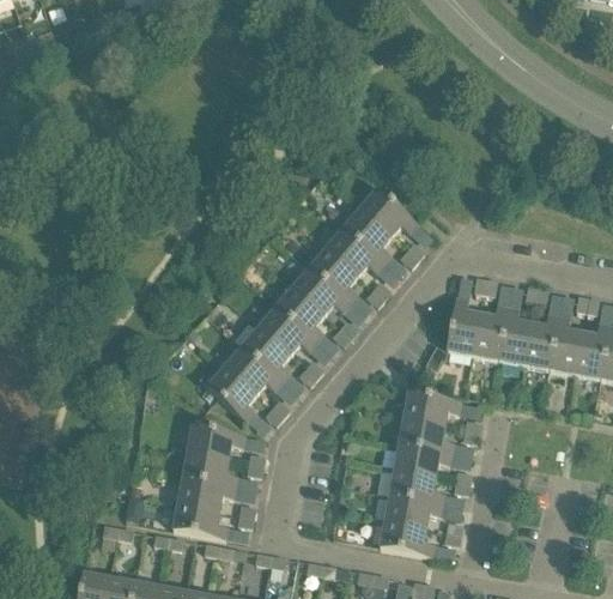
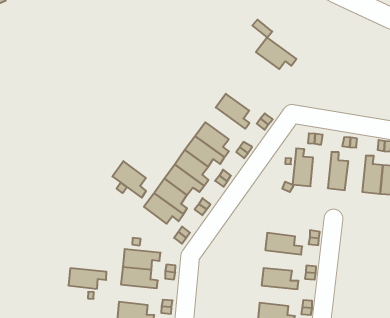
building: [359,188,418,236] -> [256,38,296,69]
building: [326,228,383,276] -> none
building: [473,304,508,359] -> none
building: [523,314,558,369] -> none
building: [207,365,256,422] -> [112,161,146,198]
building: [403,392,461,426] -> none
building: [394,443,451,477] -> none
building: [177,477,235,510] -> [68,268,106,289]
building: [384,495,442,528] -> none

